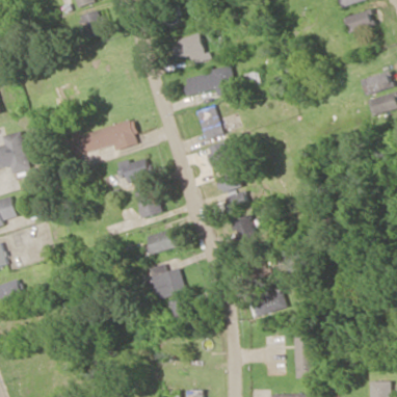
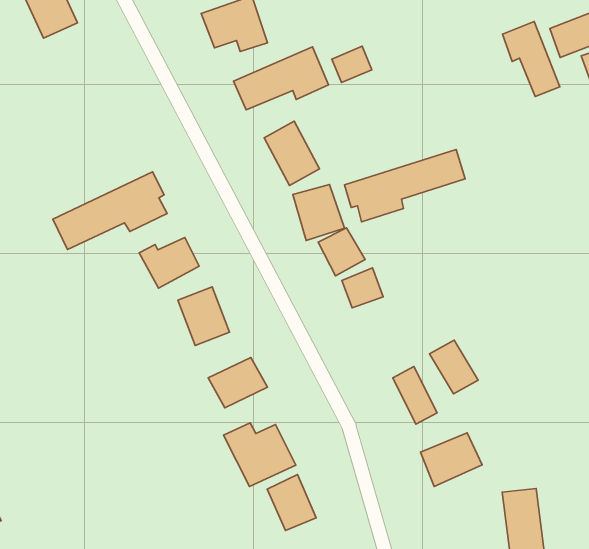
building: none -> [502,21,560,96]
building: none -> [345,149,465,222]
building: [231,215,255,244] -> [429,340,478,394]

